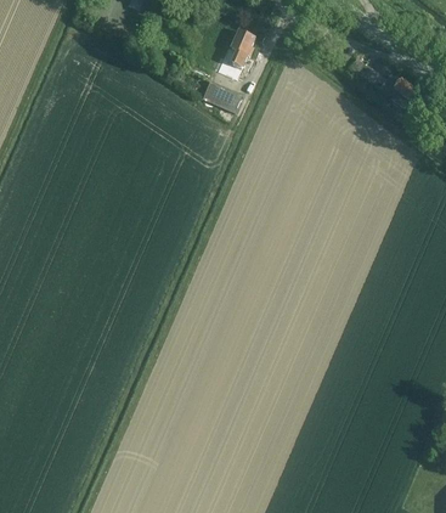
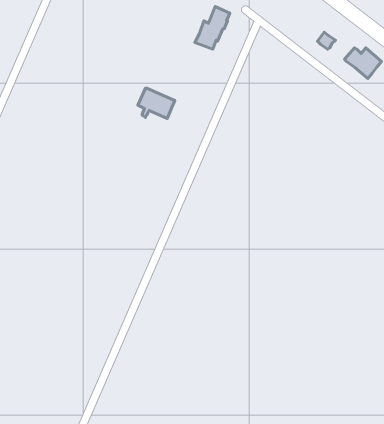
building: [203,79,243,112] -> [138,88,175,119]

